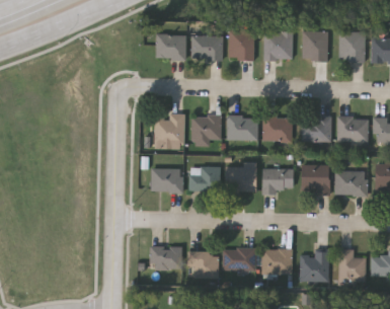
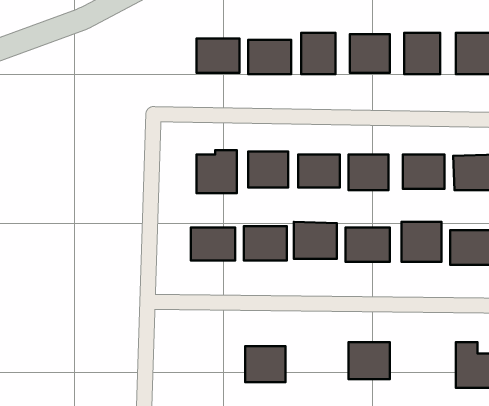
building: [150,246,181,269] -> none
building: [223,248,255,271] -> none
building: [300,252,328,281] -> none

